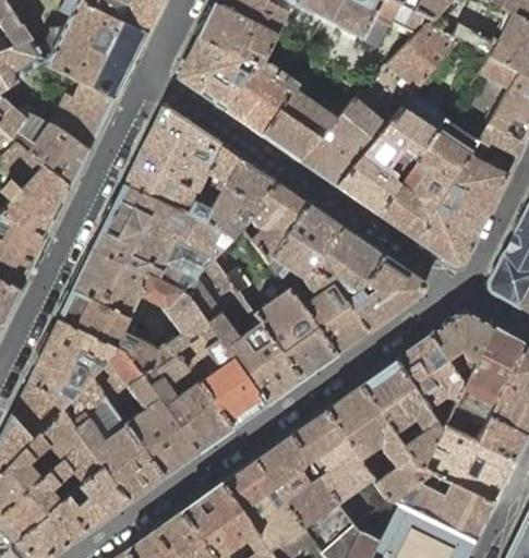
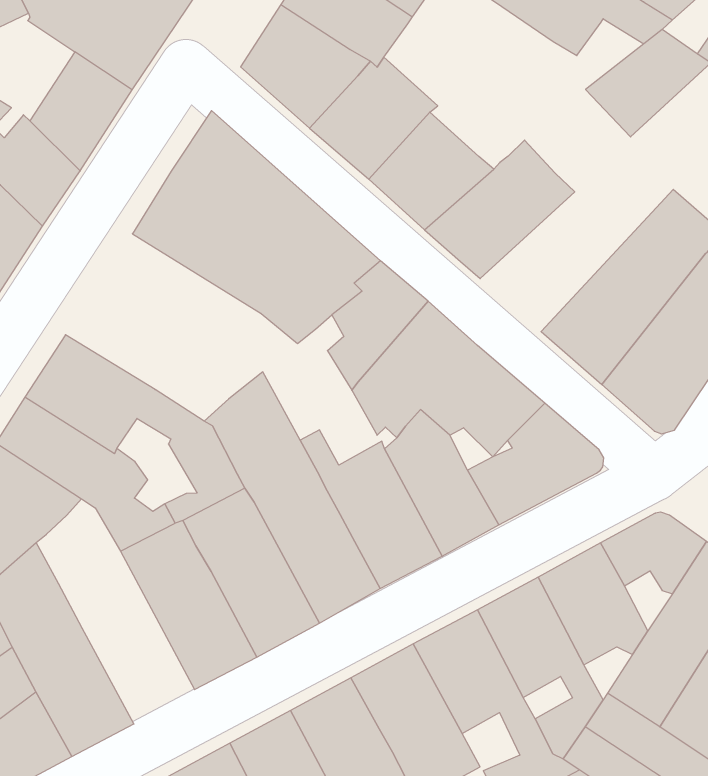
building: [336,108,436,214] -> none
building: [92,185,231,292] -> none
building: [89,348,195,478] -> none

